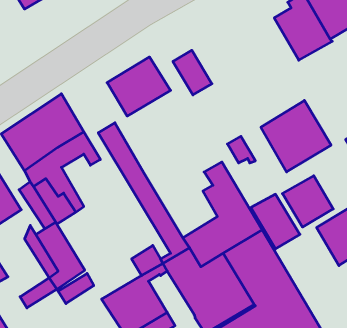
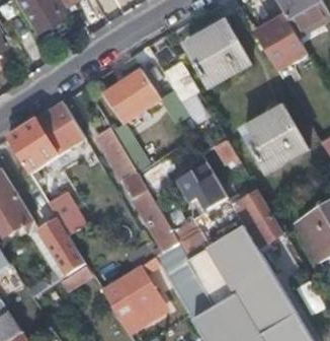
building: none -> [189,24,253,89]
building: [282,176,333,227] -> none

